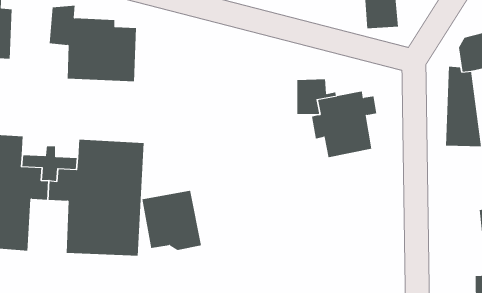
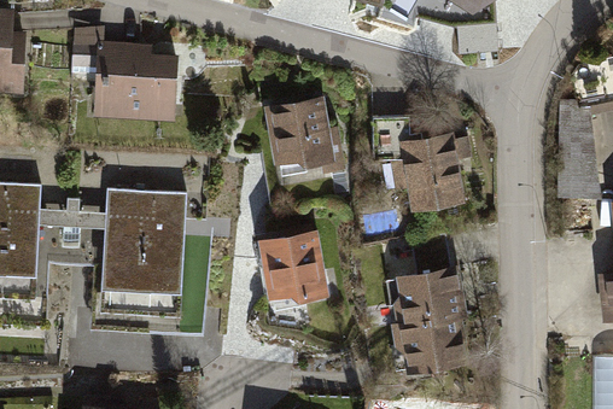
building: none -> [263,95,346,176]
building: [142,190,202,250] -> [257,229,331,303]
building: none -> [391,265,471,374]

